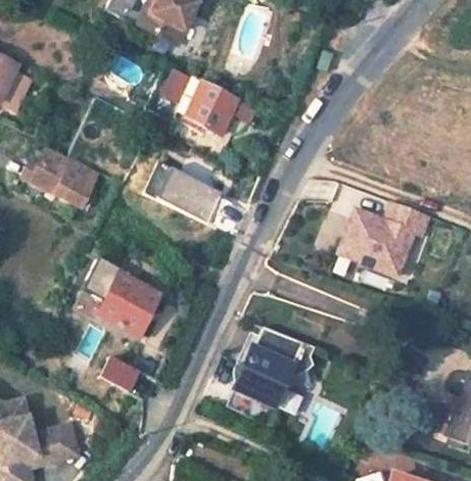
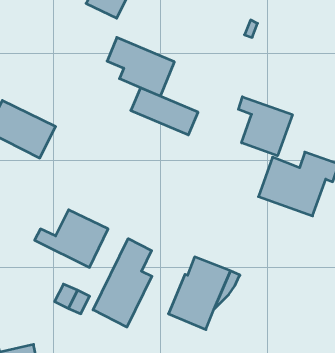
building: none -> [238,97,292,156]
building: [142,163,221,219] -> [131,88,198,135]
building: none -> [93,239,152,327]

